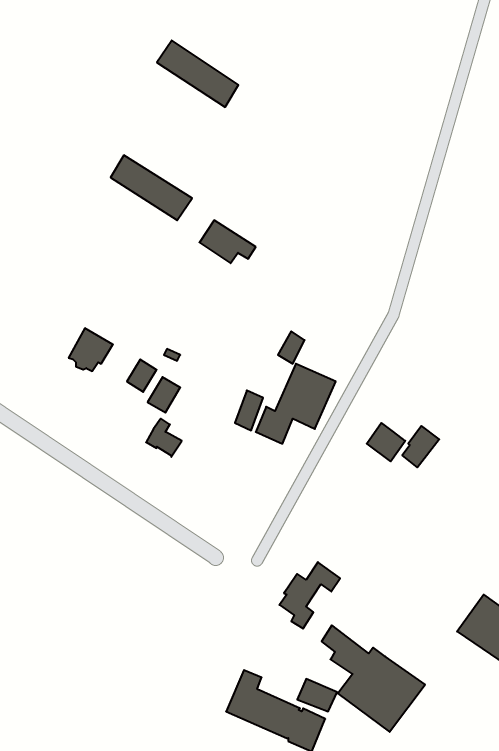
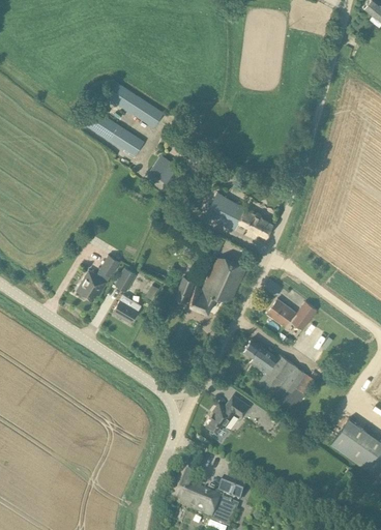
building: [157,40,238,107] -> [107,82,164,128]
building: none -> [206,194,273,237]
building: [69,328,113,371] -> [77,269,108,299]
building: [322,625,425,732] -> [243,338,316,413]

